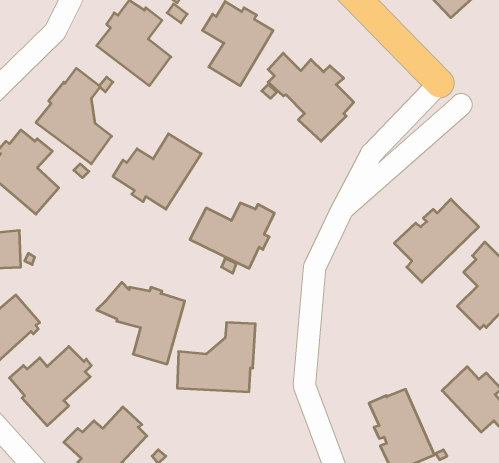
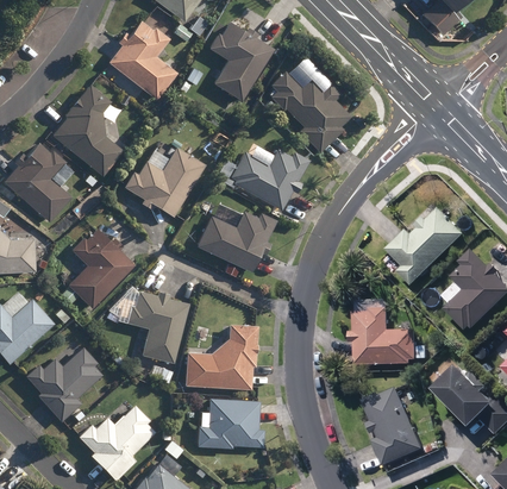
building: none -> [213,148,309,209]
building: none -> [62,228,136,308]
building: none -> [351,307,430,365]
building: none -> [196,397,264,447]

